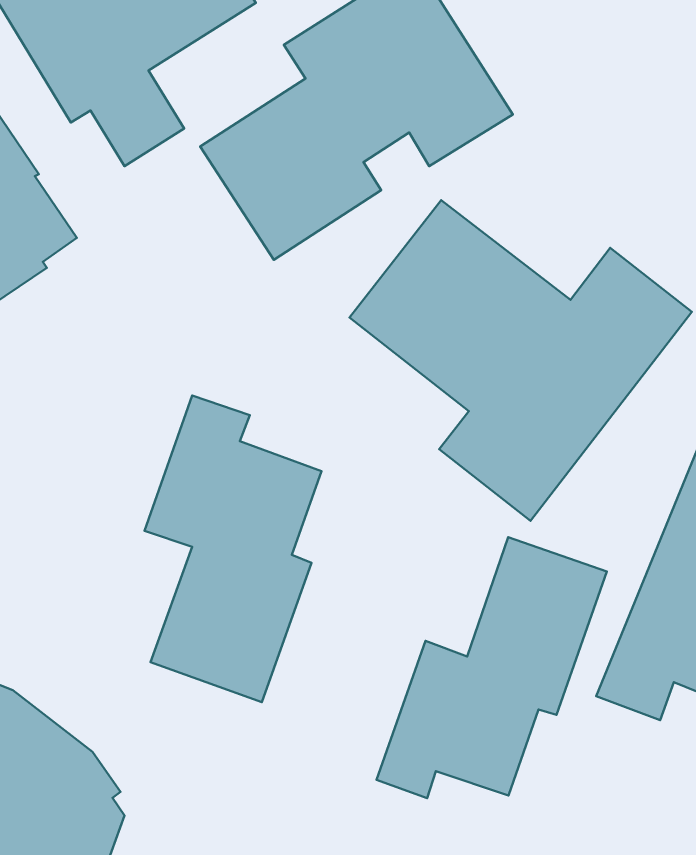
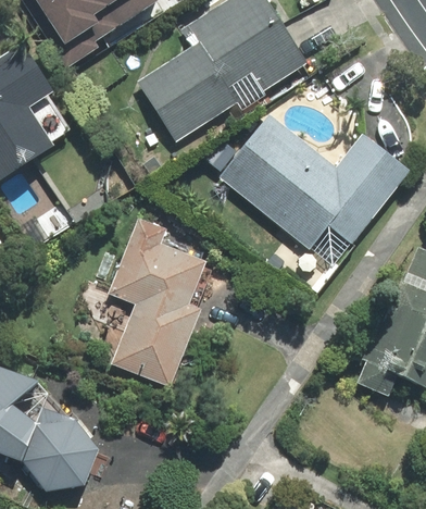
building: [377,537,607,798] -> none

